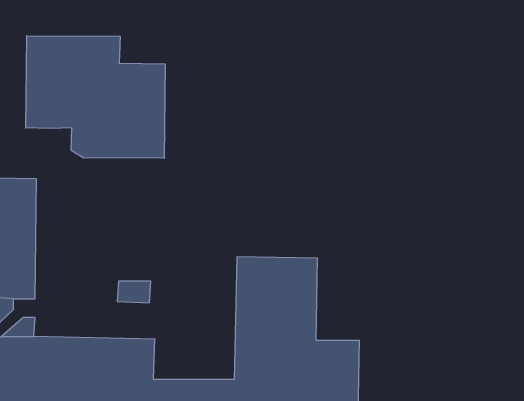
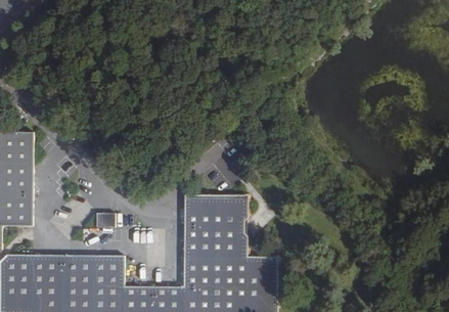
building: [26,36,165,158] -> none

